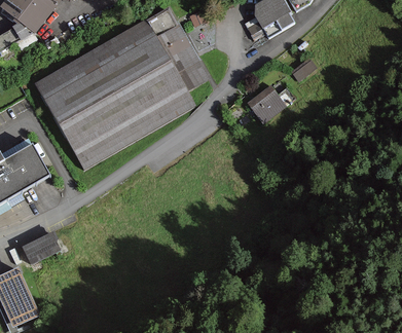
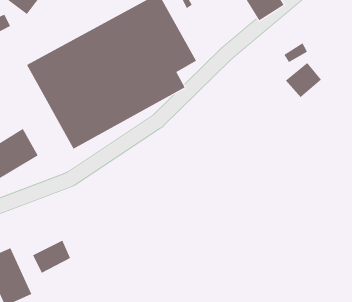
building: [248,86,285,122] -> [285,62,322,98]
building: [23,229,62,263] -> [32,240,71,273]

